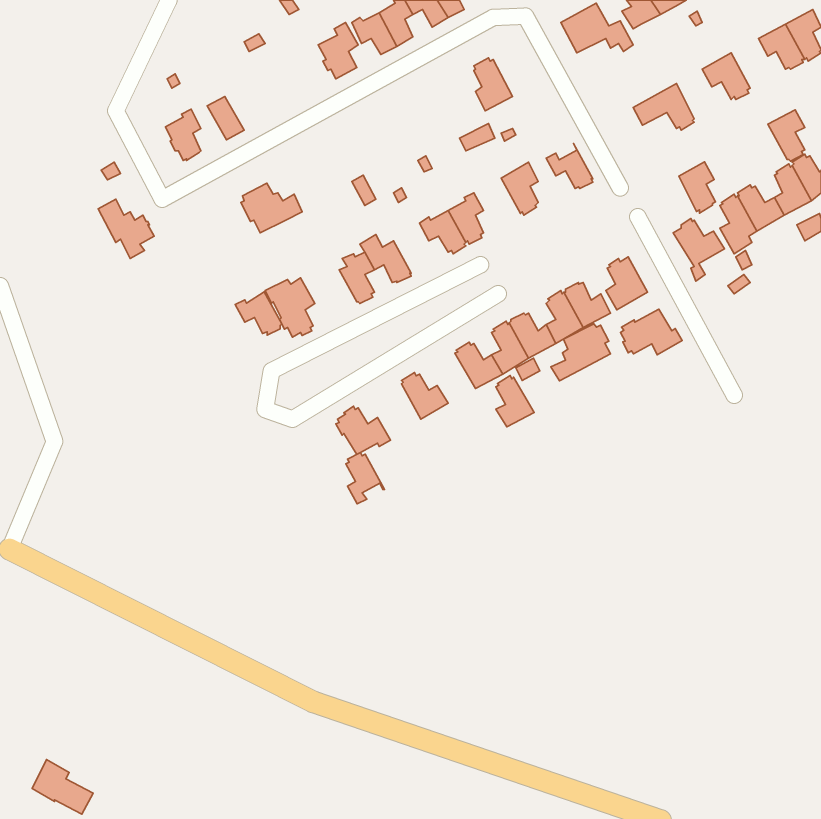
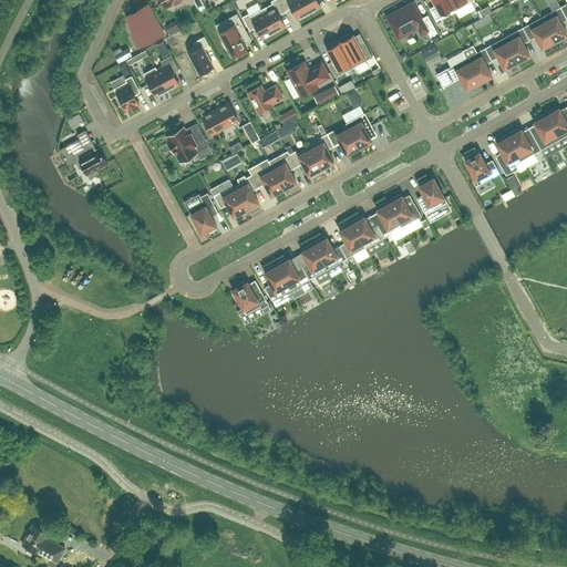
building: none -> [127,9,164,48]
building: none -> [340,33,372,68]
building: none -> [187,37,213,73]
building: none -> [156,55,178,91]
building: none -> [287,62,329,96]
building: [768,110,805,161] -> [504,28,529,63]
building: none -> [247,85,282,114]
building: [546,144,593,189] -> [327,124,359,155]
building: none -> [203,103,237,134]
building: [679,162,716,213] -> [466,49,492,84]
building: none -> [271,155,296,190]
building: [235,292,282,335] -> [214,187,246,217]
building: [620,309,682,355] -> none
building: [551,324,611,381] -> none
building: [496,375,534,427] -> [301,244,328,279]
building: [346,453,385,504] -> [264,265,290,300]

